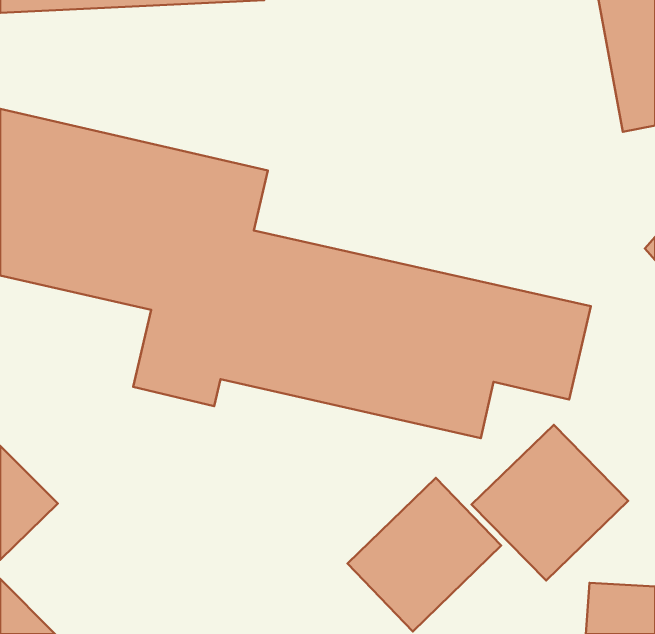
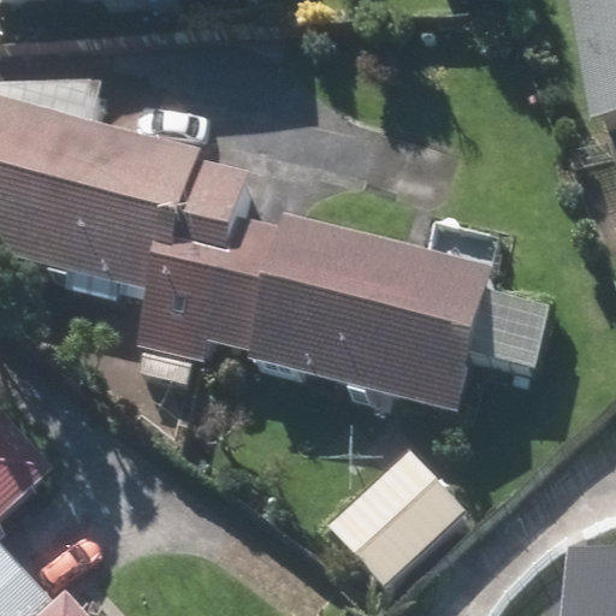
building: [472,425,628,580] -> none

